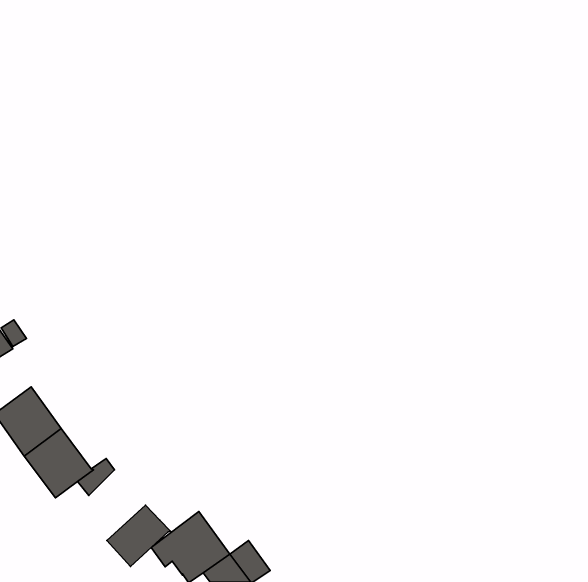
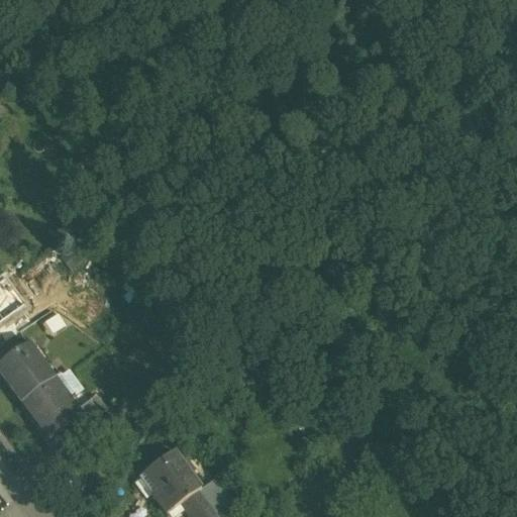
building: [107,505,170,567] -> none

